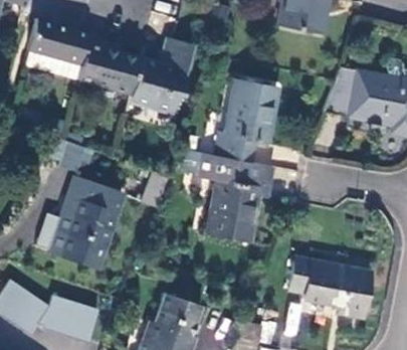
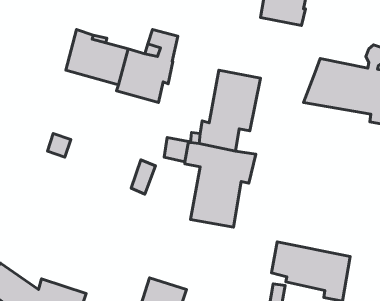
building: [25,19,89,79] -> none
building: [40,179,127,270] -> none

